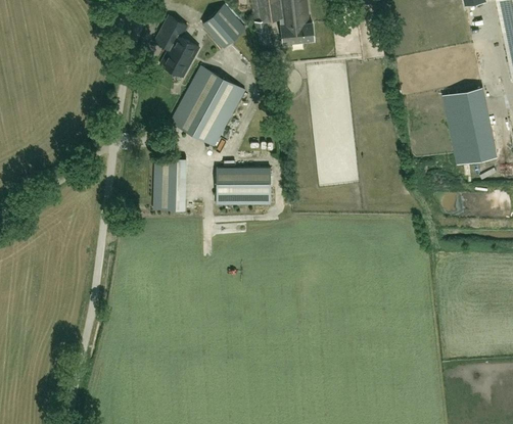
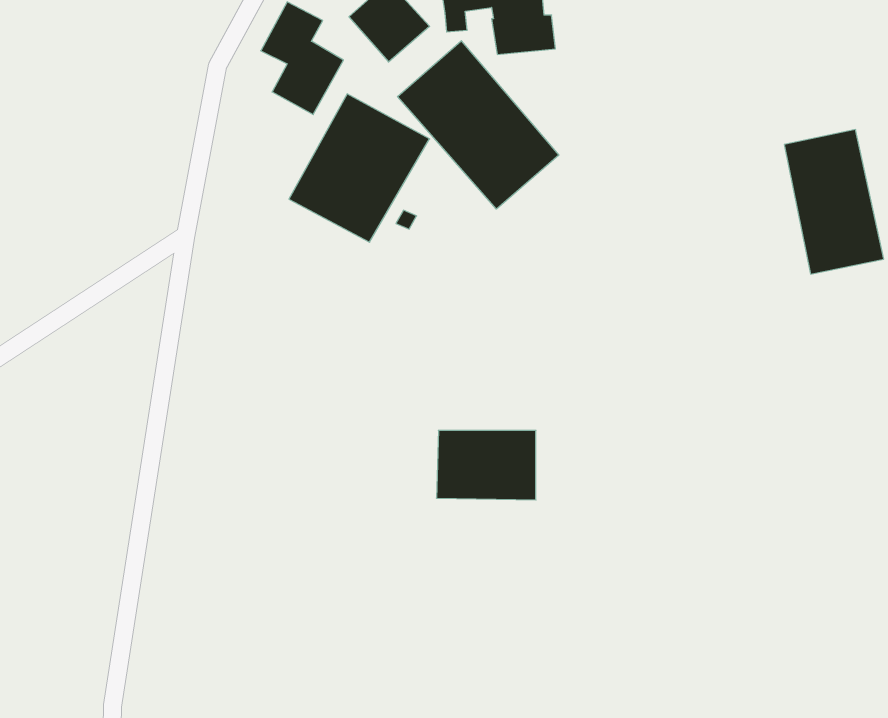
building: none -> [398,41,559,209]
building: [153,156,186,209] -> none
building: [216,168,270,205] -> [436,430,536,500]

